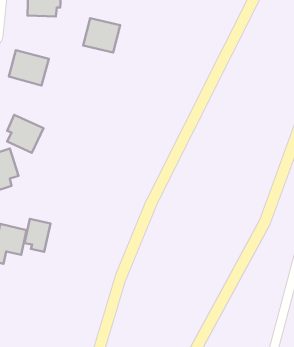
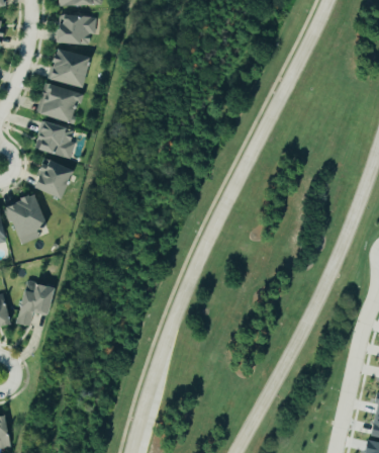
building: [83,18,120,53] -> [50,48,92,87]
building: none -> [32,119,74,159]
building: [24,219,50,252] -> none

